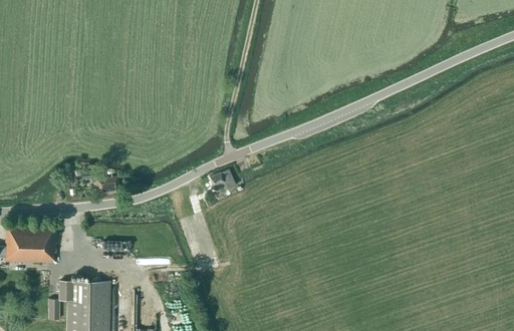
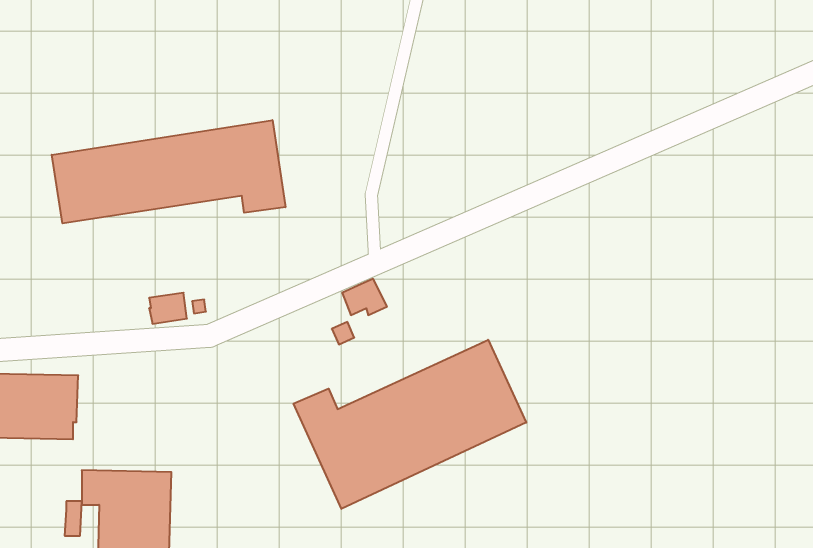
building: none -> [52,120,285,223]
building: none -> [294,340,526,509]

